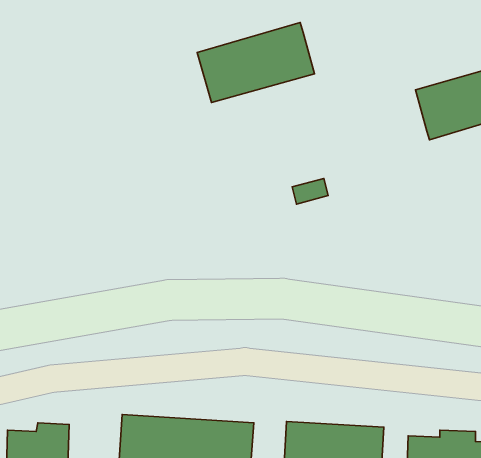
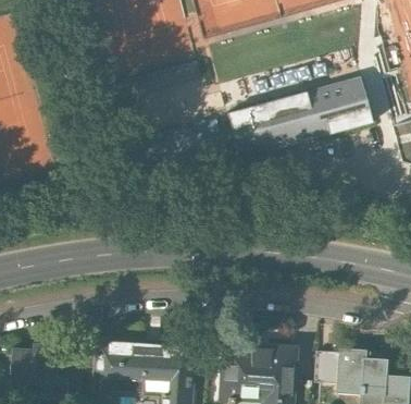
building: [197,22,315,102] -> [239,84,328,145]

